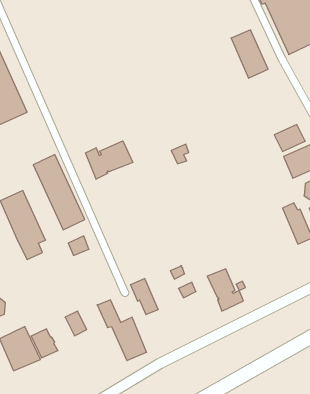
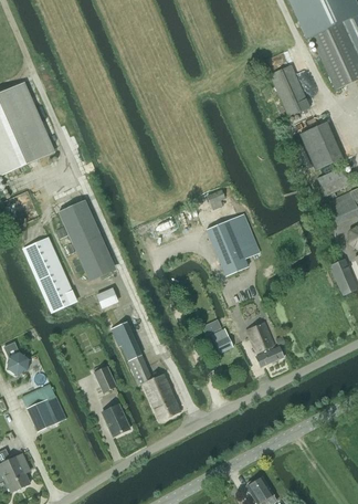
building: none -> [301,122,343,170]
building: [85,141,133,179] -> none
building: none -> [204,214,255,275]
building: [130,279,158,315] -> [112,322,141,360]
building: [31,329,58,358] -> [102,406,130,437]

